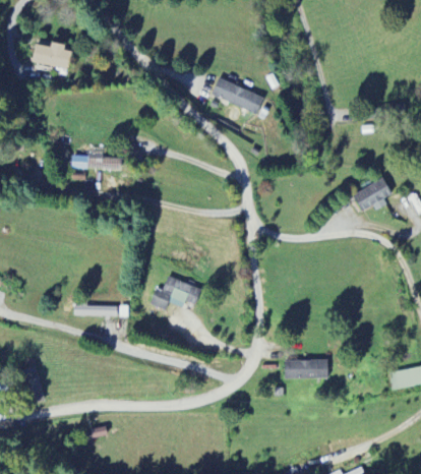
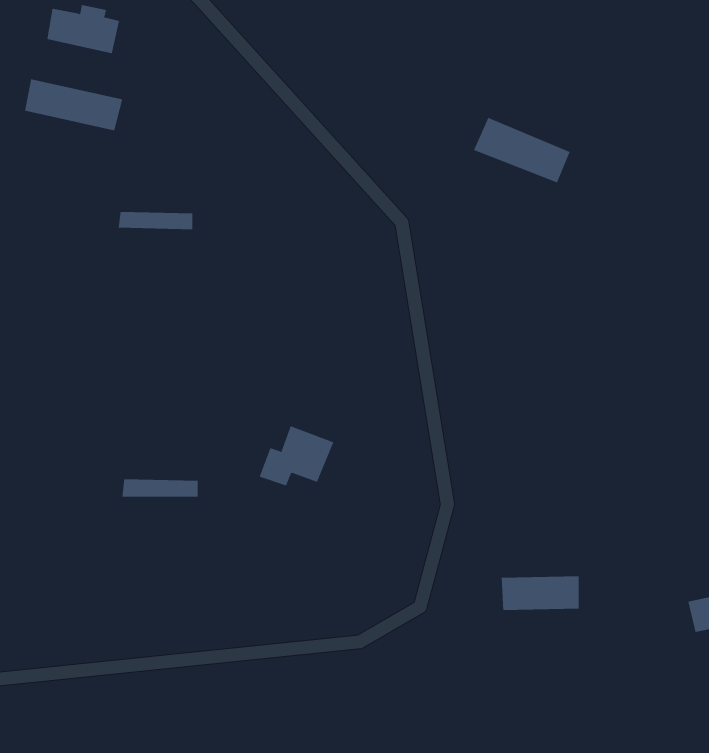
building: [211,77,264,114] -> [473,117,570,183]
building: none -> [25,79,123,131]
building: [353,179,392,211] -> none

